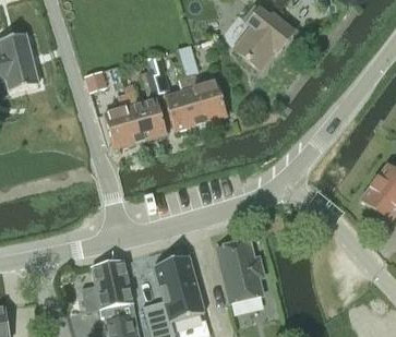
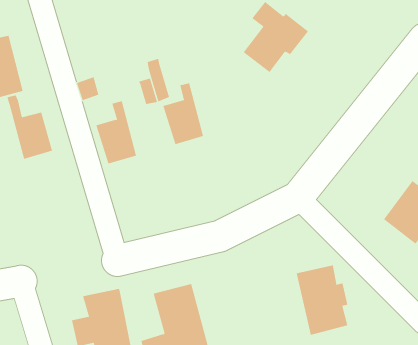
building: [178,45,227,124] -> none
building: [124,84,166,142] -> [6,95,53,159]
building: [216,240,263,303] -> [296,265,348,335]

